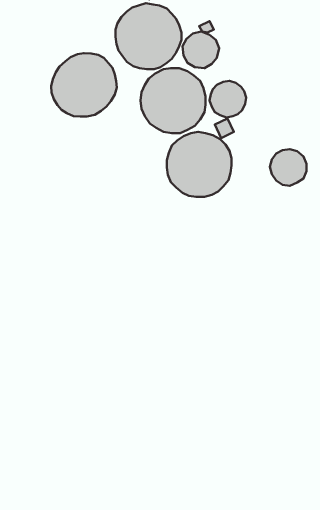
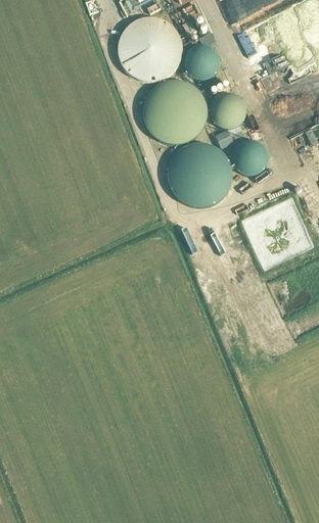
building: [51,53,117,117] -> none
building: [270,149,307,186] -> [232,139,268,175]

